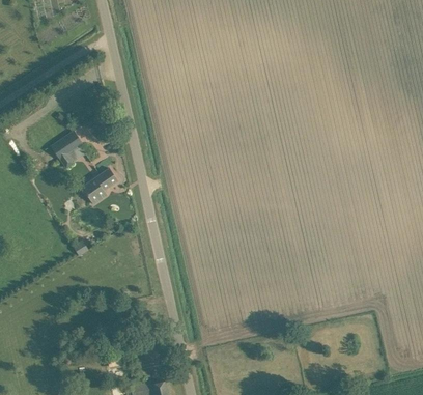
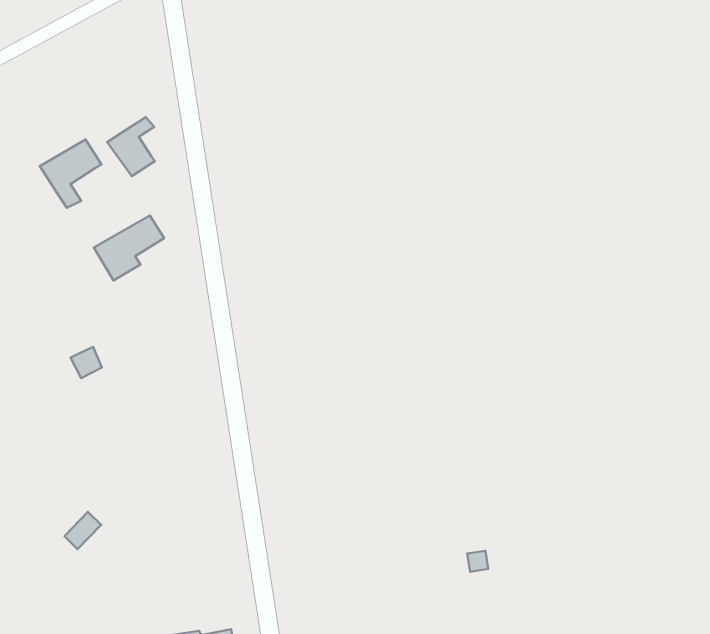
building: none -> [107,117,155,176]

